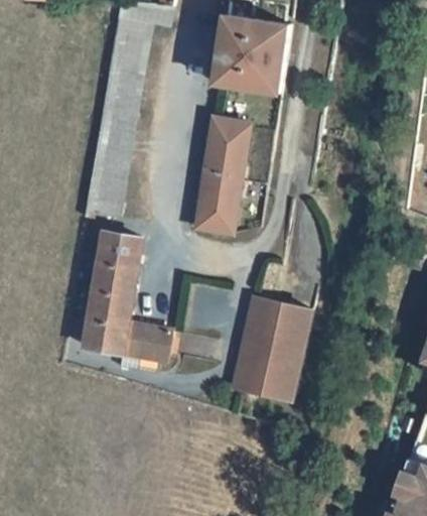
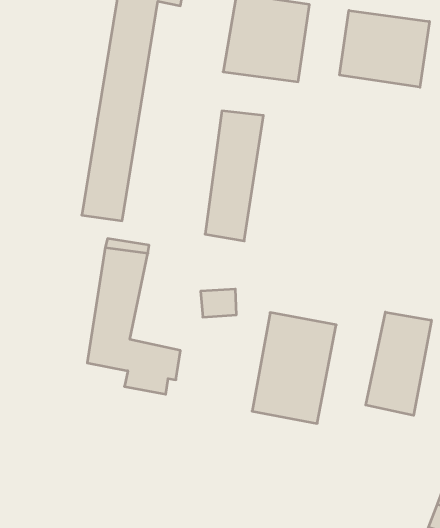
building: none -> [340,10,429,87]
building: none -> [366,312,431,415]

